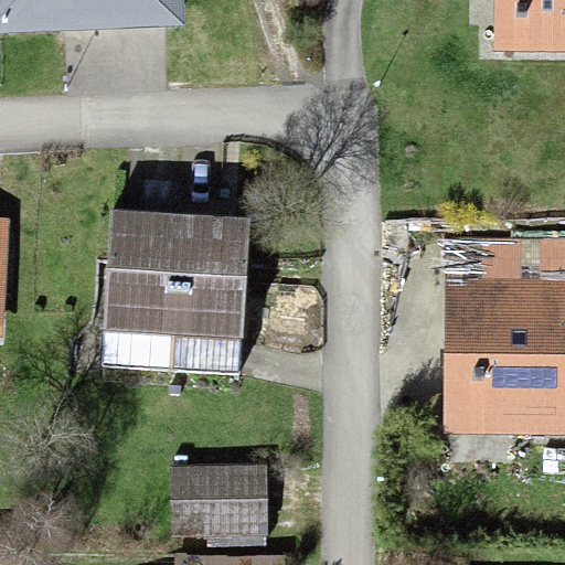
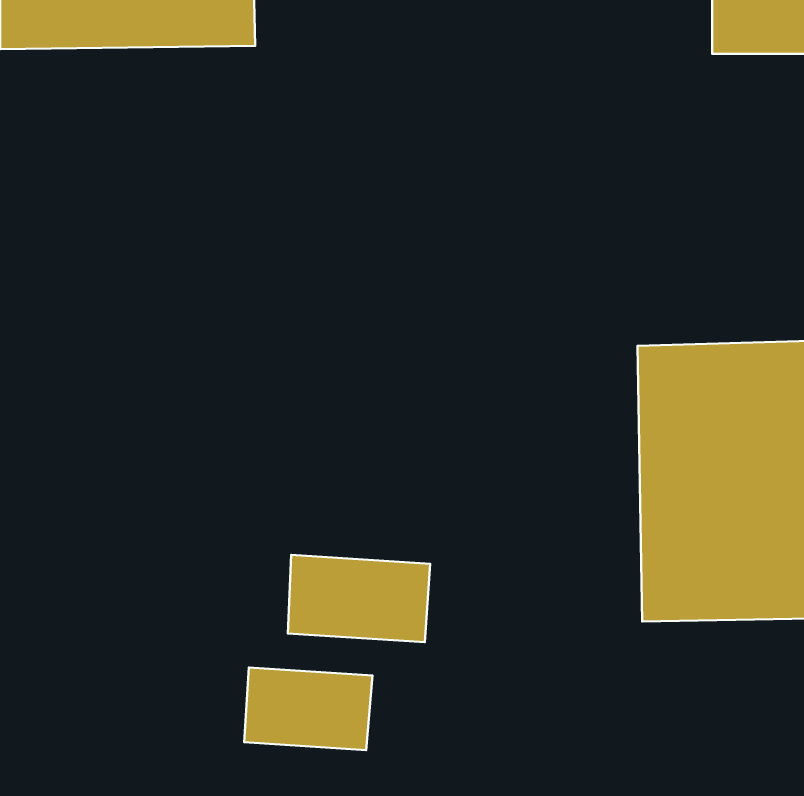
building: [104,218,243,343] -> none
building: none -> [288,555,430,642]

